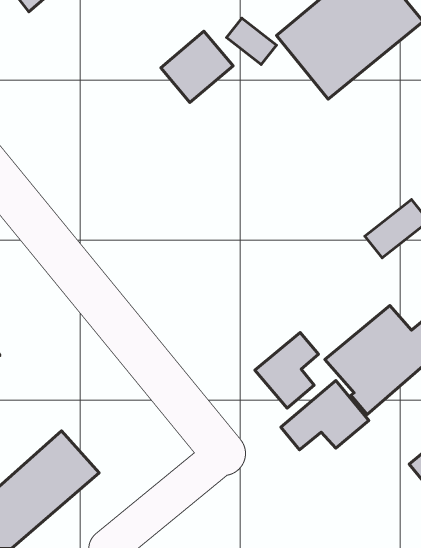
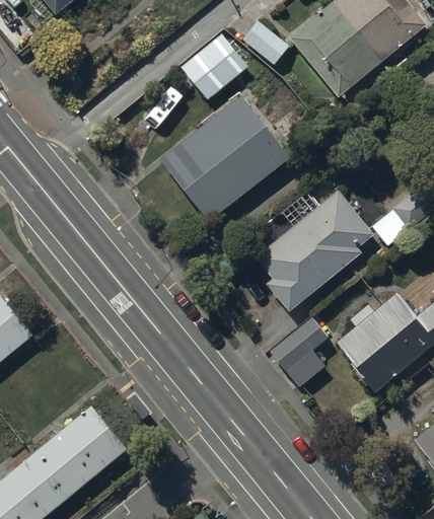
building: none -> [160,95,289,220]
building: none -> [255,189,373,311]
building: [281,380,369,450] -> none

